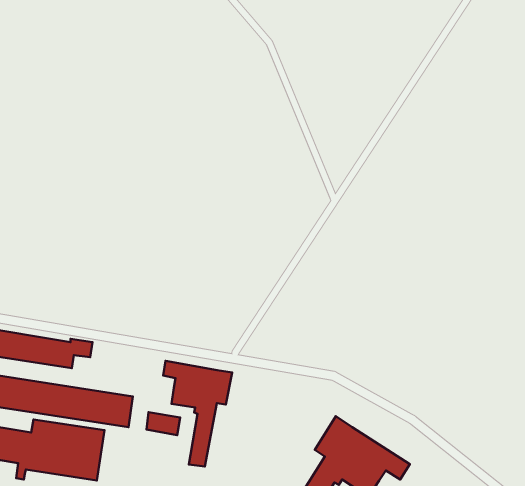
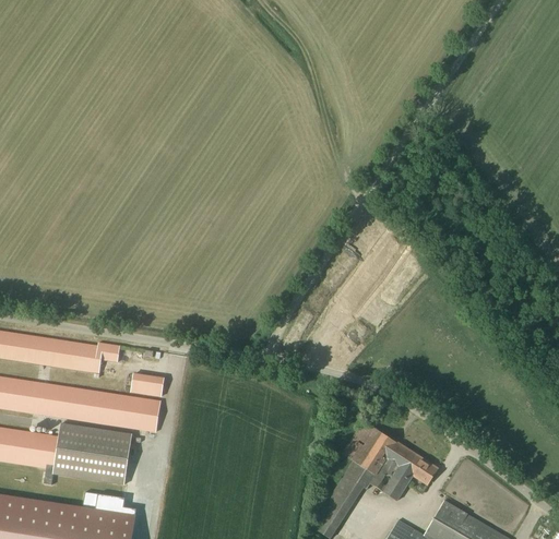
building: [163,361,232,467] -> none
building: [146,412,180,435] -> [131,373,165,396]

